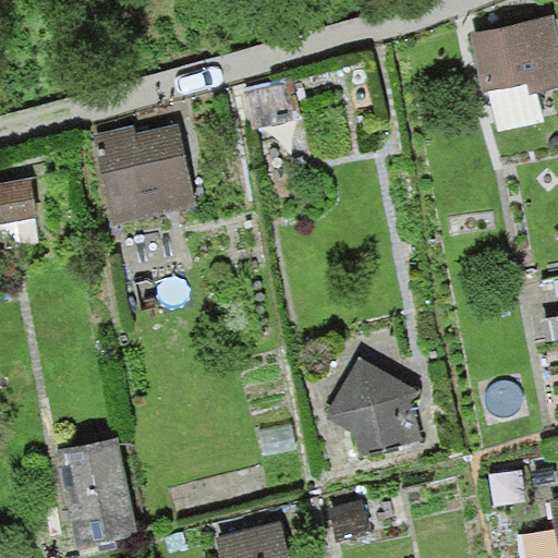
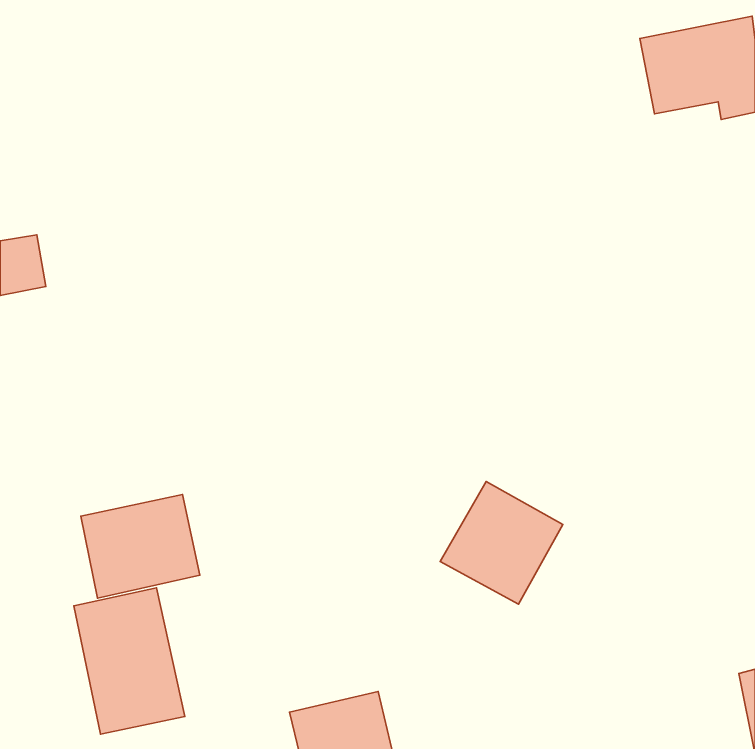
building: [96,123,193,221] -> none
building: none -> [81,495,200,598]

